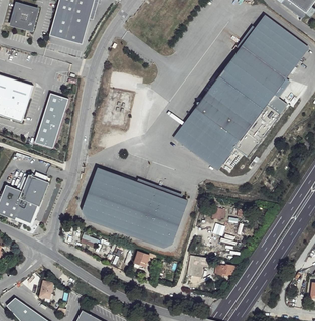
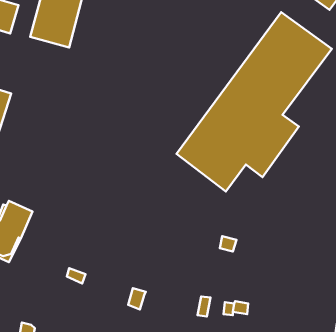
building: [35,93,67,146] -> none
building: [82,167,187,247] -> none

